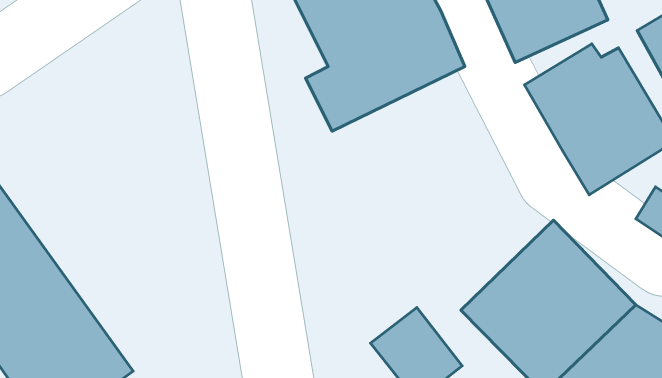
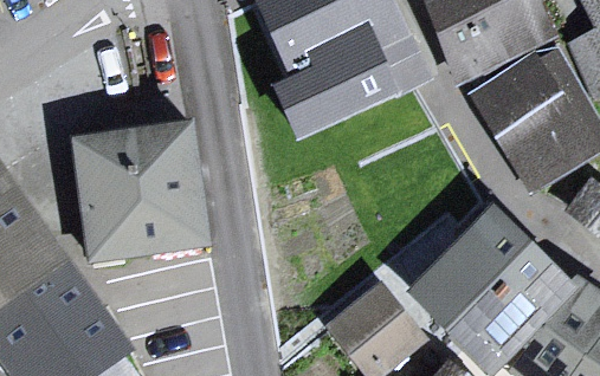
building: none -> [78,128,199,258]

